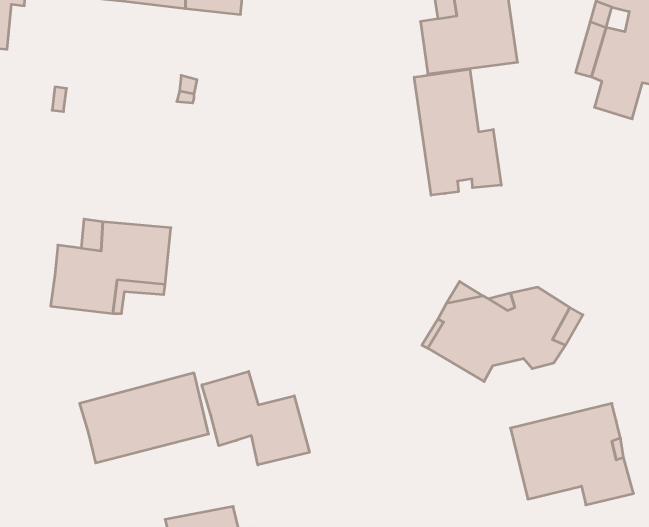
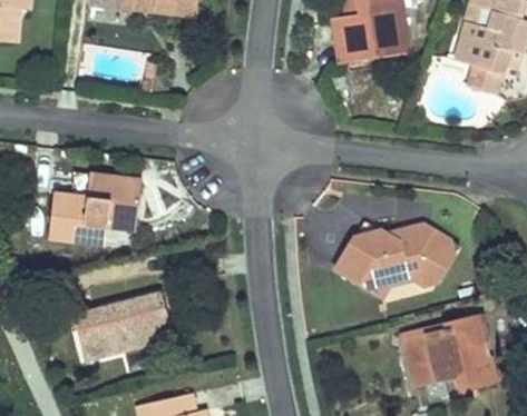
building: [414,69,501,195] -> none
building: [202,371,309,465] -> none

